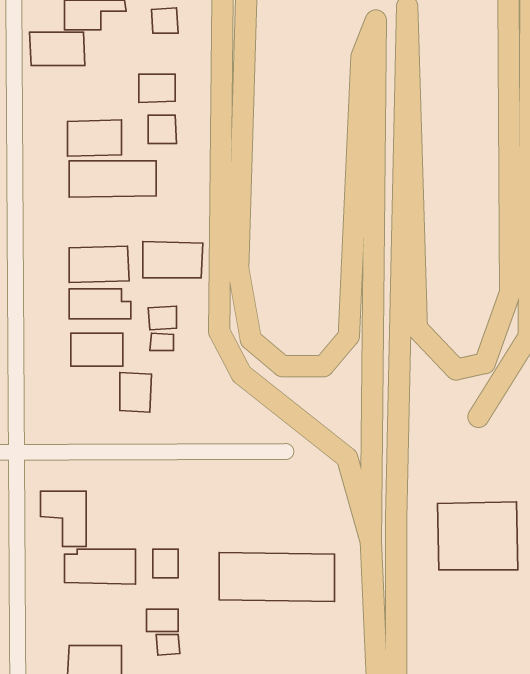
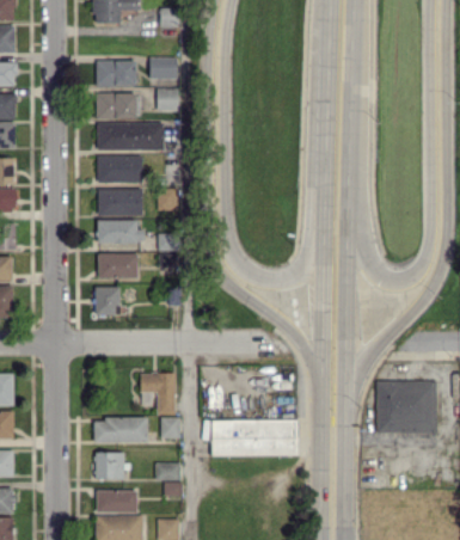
building: [30,32,85,65] -> [94,61,136,86]
building: [143,242,203,278] -> [97,155,142,183]
building: [120,373,151,412] -> [94,286,118,315]
building: [40,491,86,546] -> [140,373,174,415]
building: none -> [94,452,127,479]

